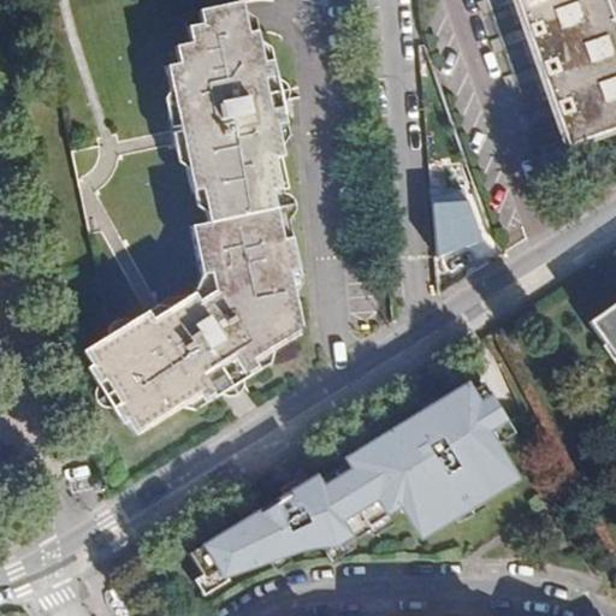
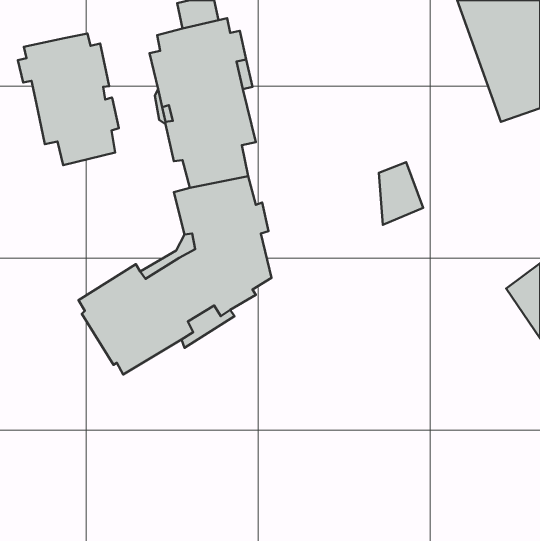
building: none -> [18,34,119,165]
building: [172,386,513,604] -> none

